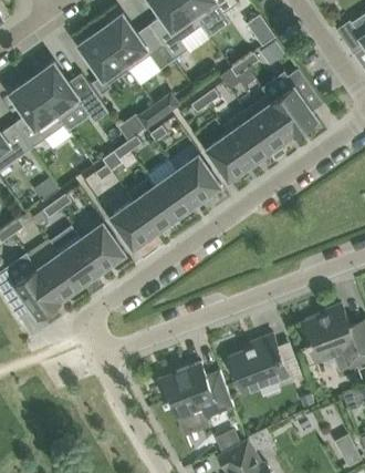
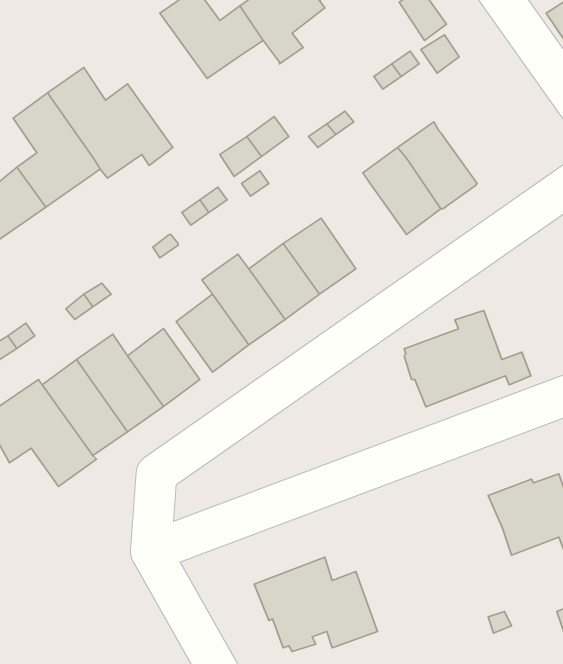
building: [80,30,129,94] -> none
building: [261,69,324,137] -> none
building: [208,134,251,181] -> none
building: [225,336,302,394] -> [404,311,531,407]

